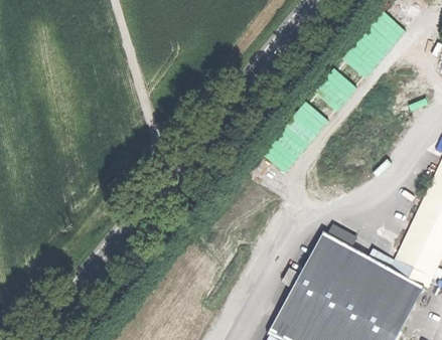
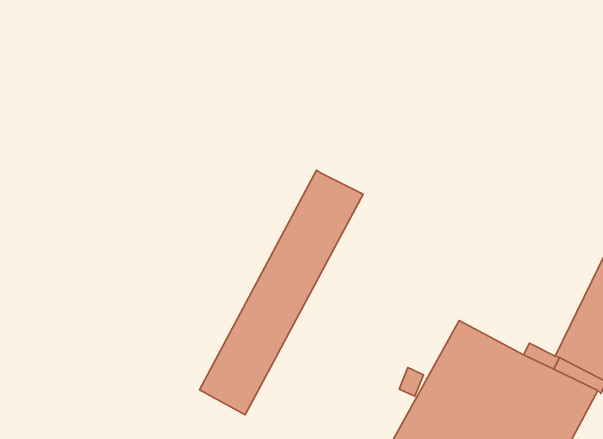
building: none -> [200,170,363,415]

